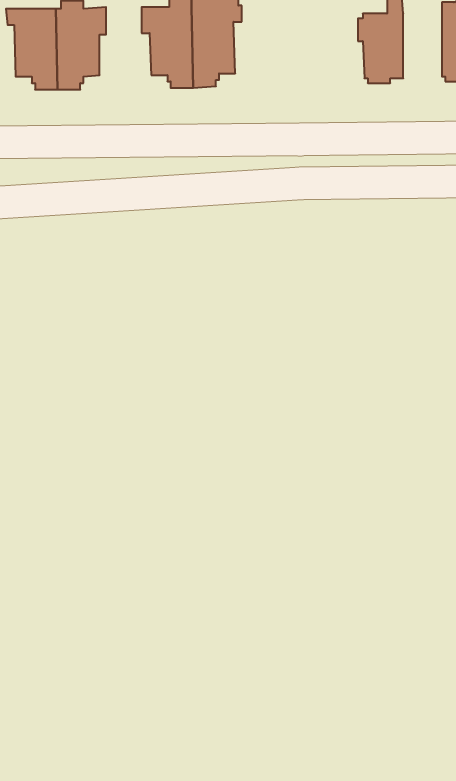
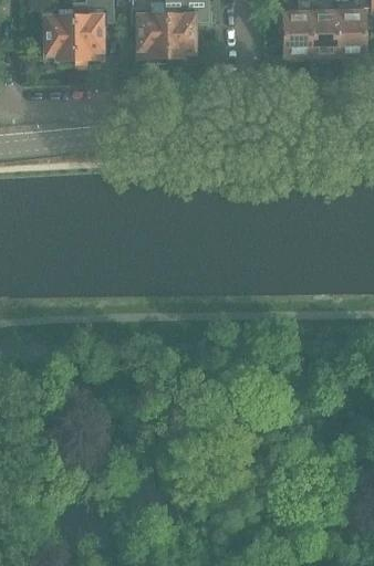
building: none -> [311,9,337,57]

